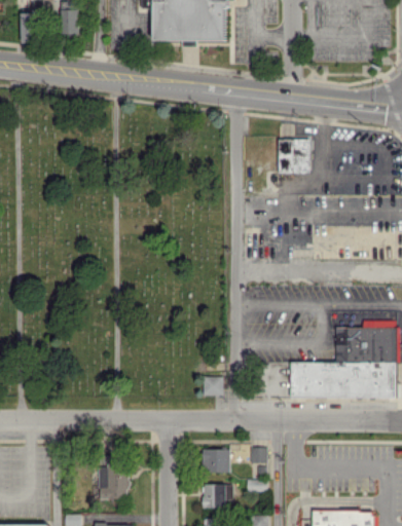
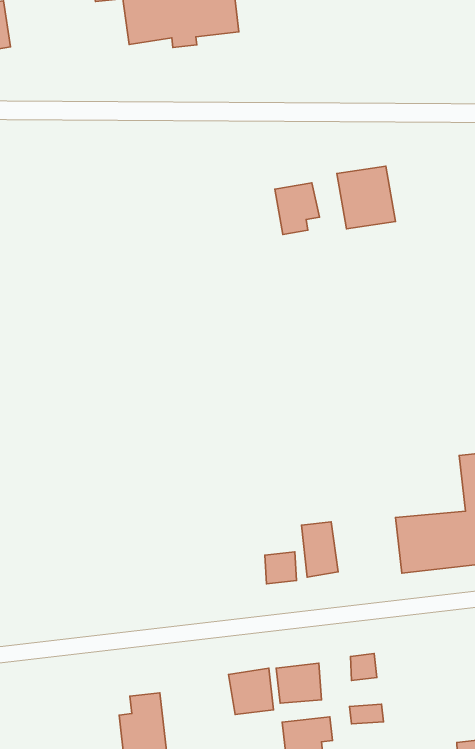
building: none -> [275,183,320,235]
building: none -> [301,522,338,577]
building: none -> [229,668,274,714]

